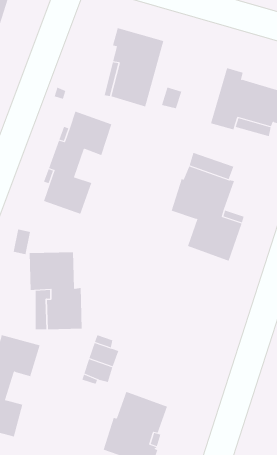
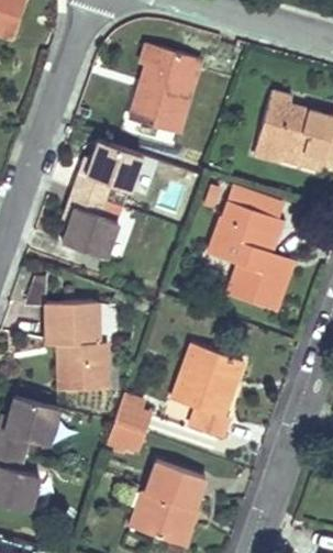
building: none -> [171,343,244,438]

